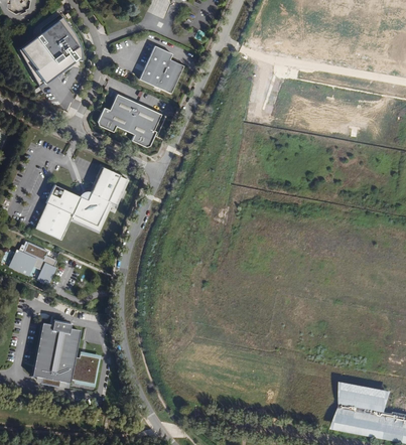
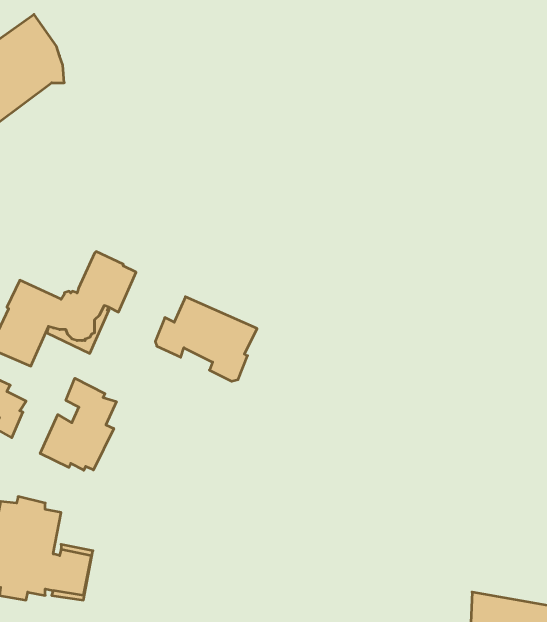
building: [139,45,183,93] -> none
building: [97,94,161,147] -> [155,297,257,381]
building: none -> [40,378,116,470]

